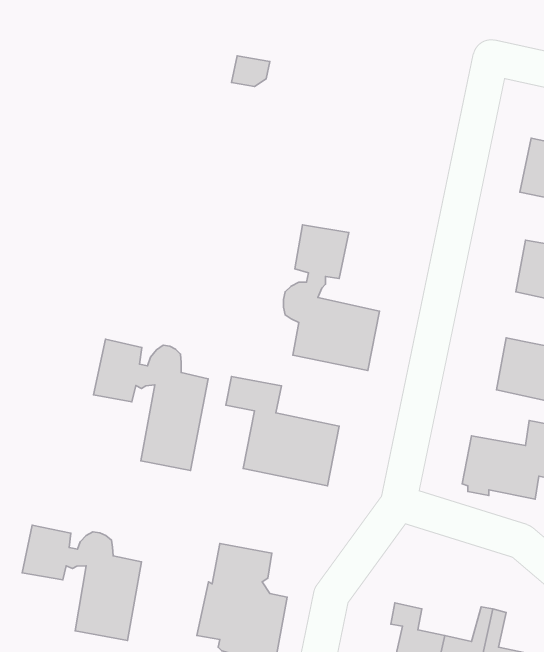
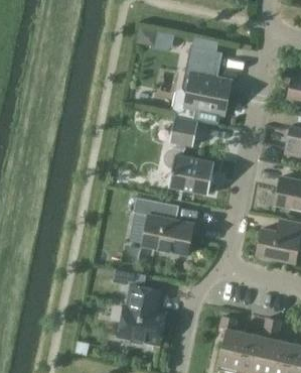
building: none -> [172,46,232,122]
building: [93,339,208,471] -> none
building: [22,525,142,640] -> none

